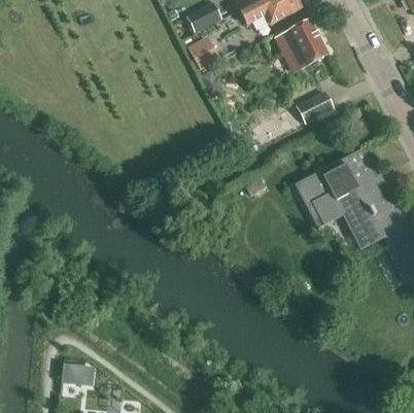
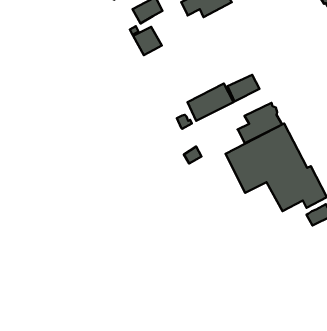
building: [274,20,327,71] -> none
building: none -> [238,103,282,143]
building: [62,362,95,383] -> none

